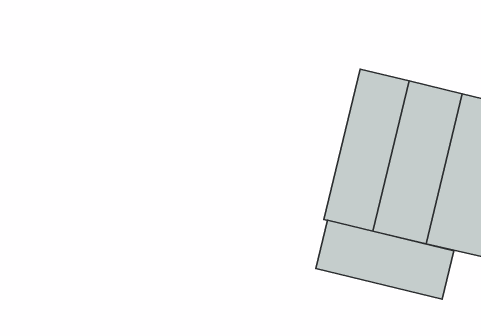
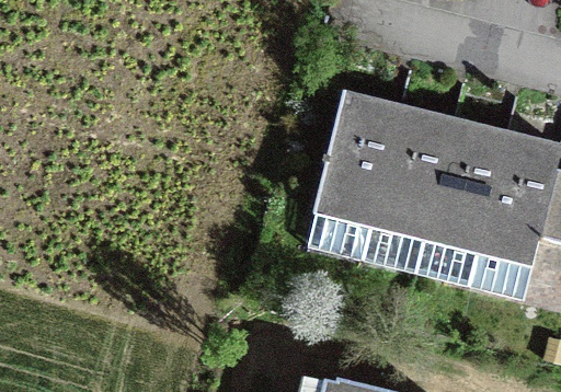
building: none -> [308,91,403,258]
building: [316,220,454,299] -> none

